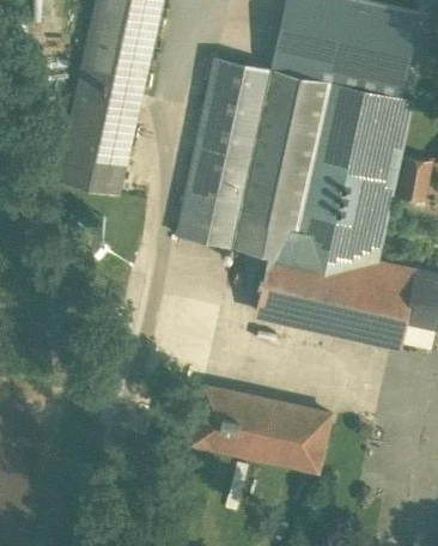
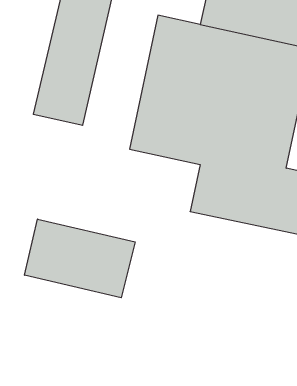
building: none -> [25,219,135,298]
building: [190,384,331,475] -> none

